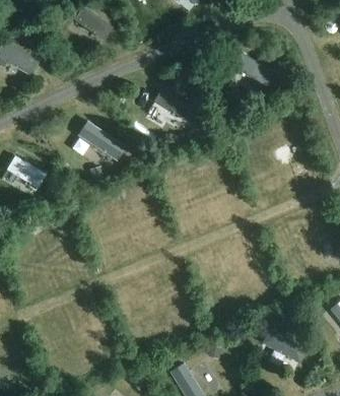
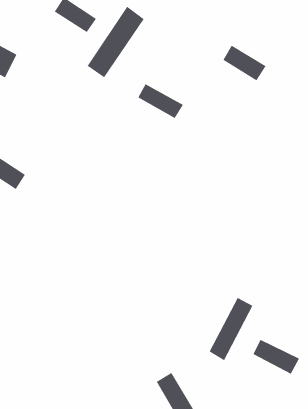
building: none -> [87,6,144,78]
building: [71,120,127,158] -> none
building: none -> [209,297,253,361]

